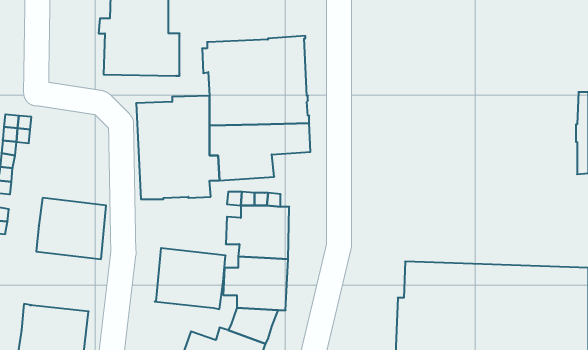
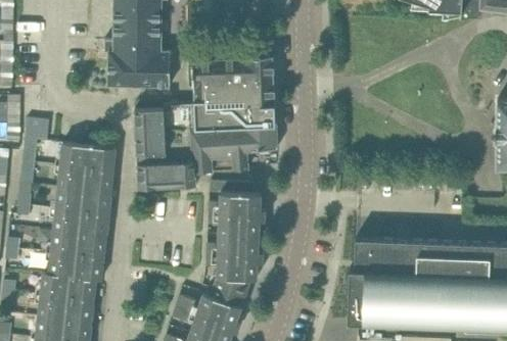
building: none -> [58,143,116,193]
building: [155,248,226,309] -> [48,231,106,281]

